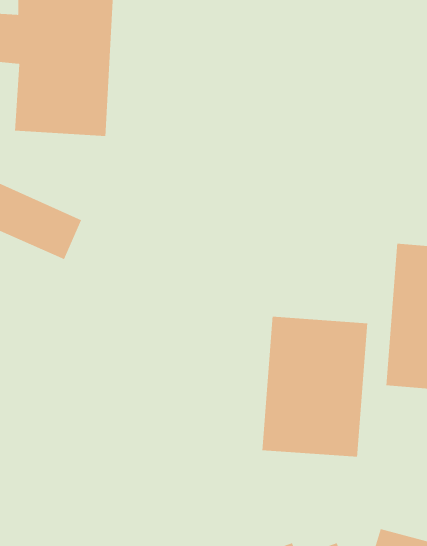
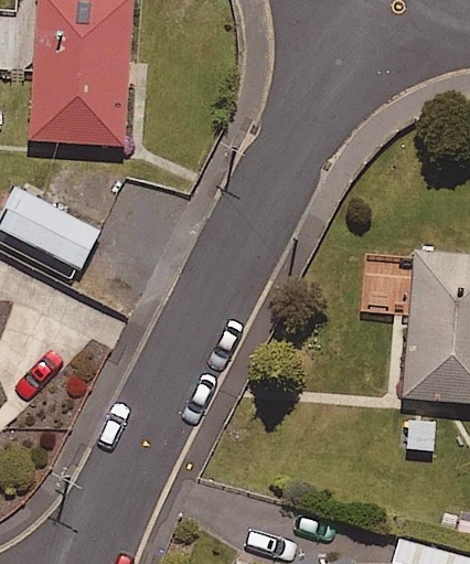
building: [262,316,368,458] -> none

